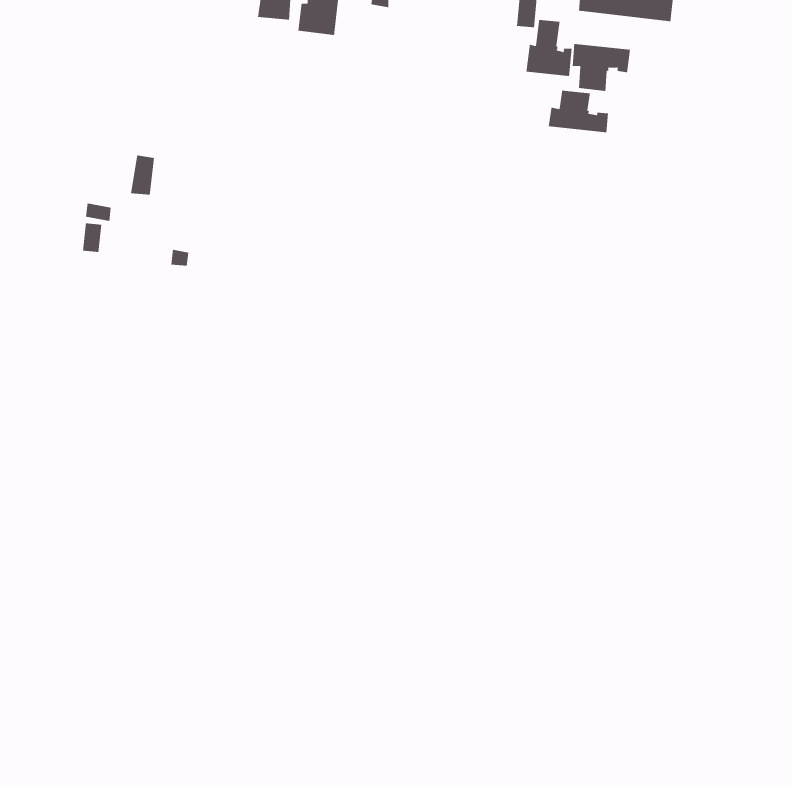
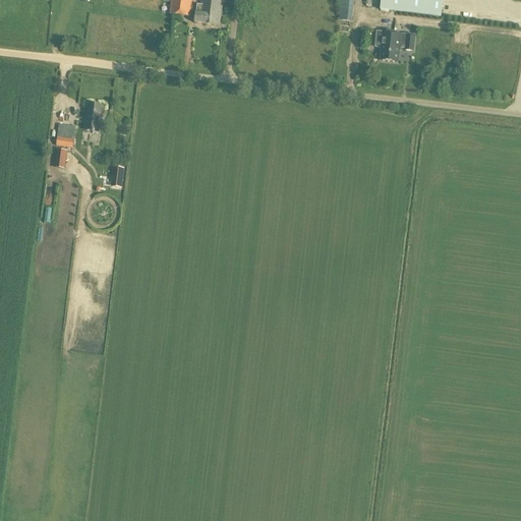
building: [526,19,572,77] -> none
building: [548,90,608,133] -> none

